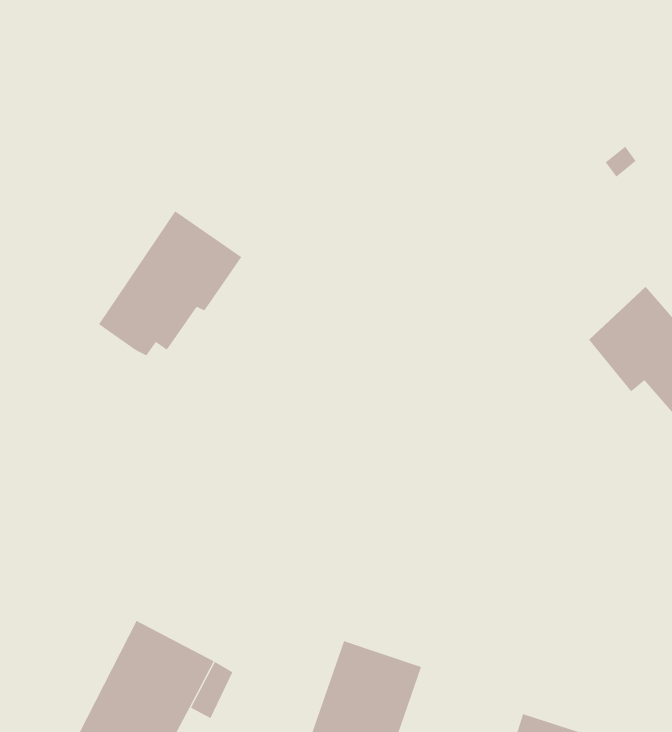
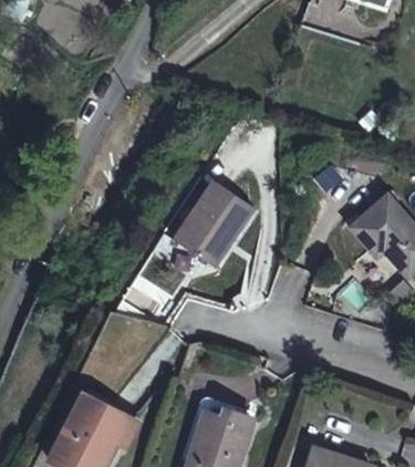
building: [98,210,242,356] -> [168,179,253,266]

